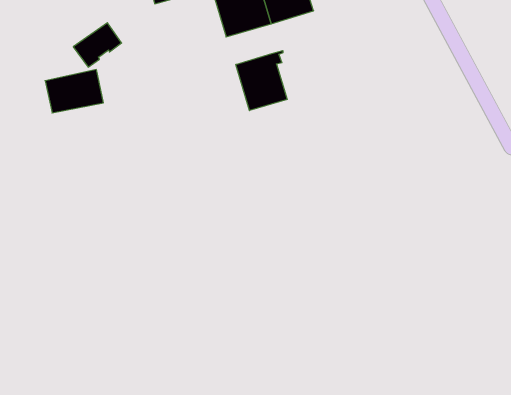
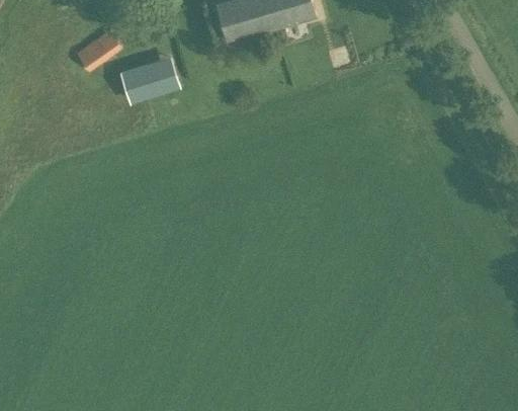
building: [236,51,287,111] -> none
building: [45,70,103,113] -> [120,57,179,100]

